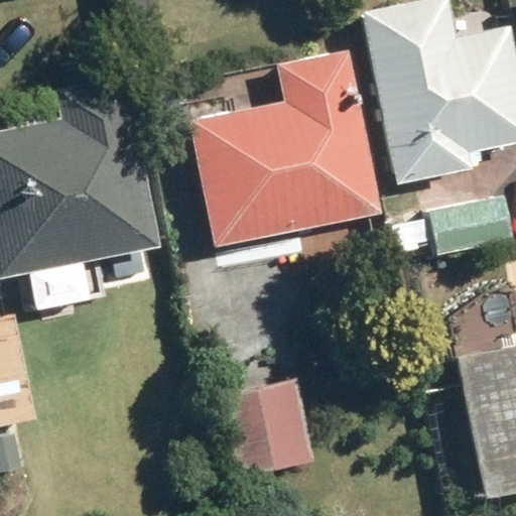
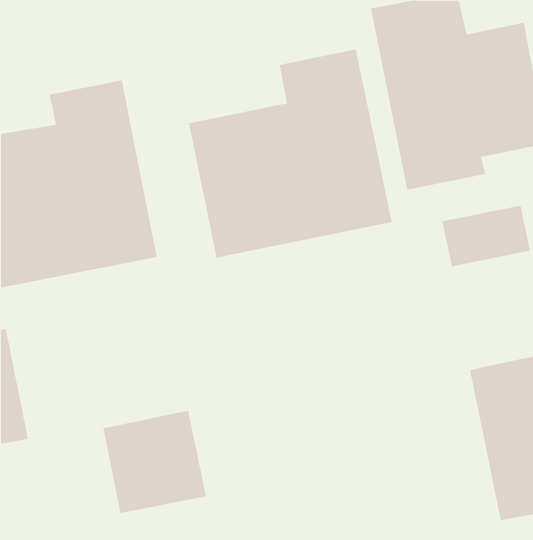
building: [216,379,314,477] -> [103,410,207,513]

